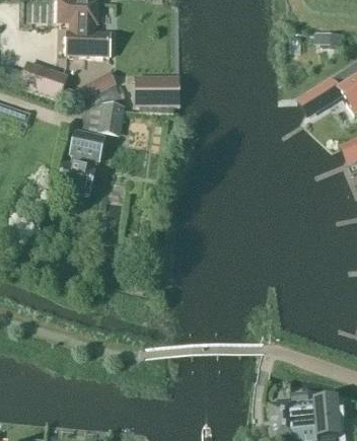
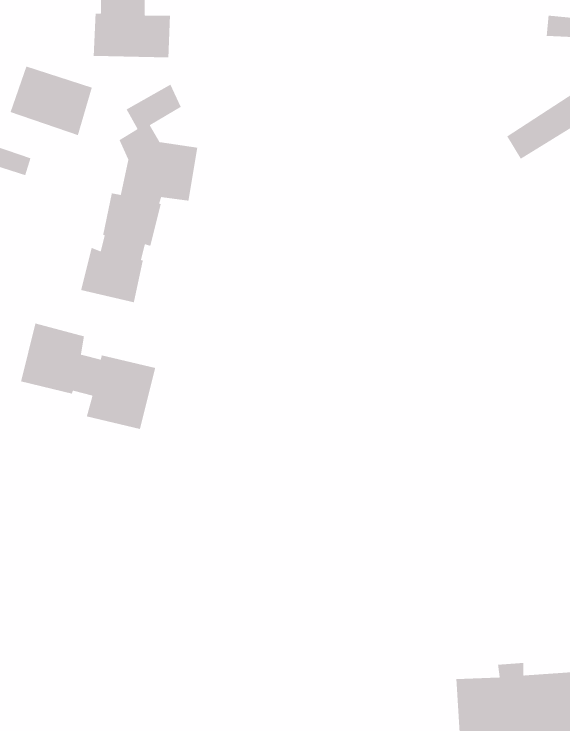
building: [136,74,181,111] -> none
building: none -> [20,323,156,430]

